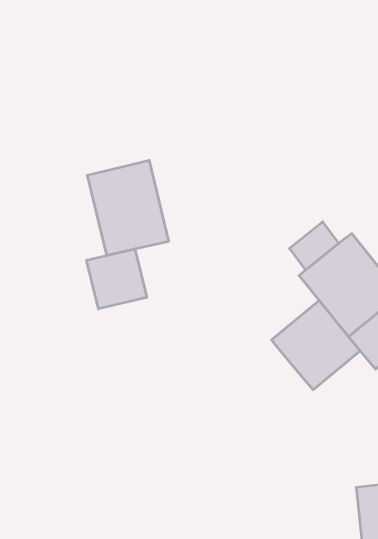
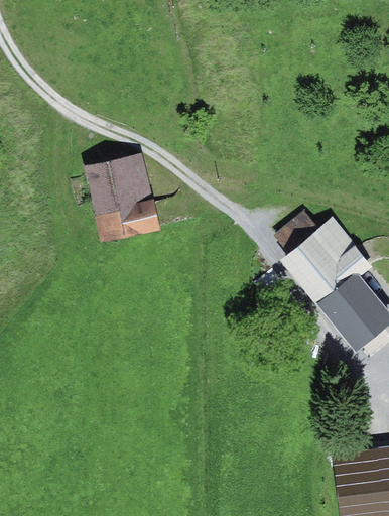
building: [87,249,147,309] -> none
building: [272,301,360,390] -> none

